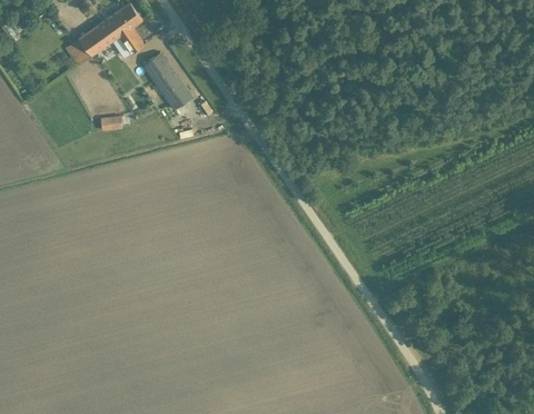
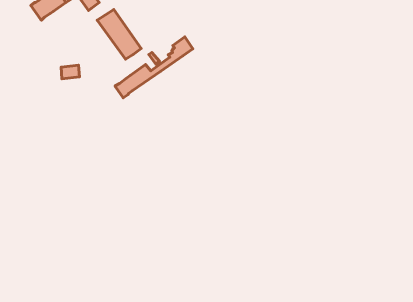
building: none -> [115,37,193,98]

